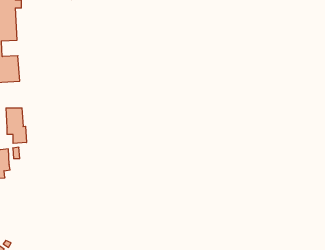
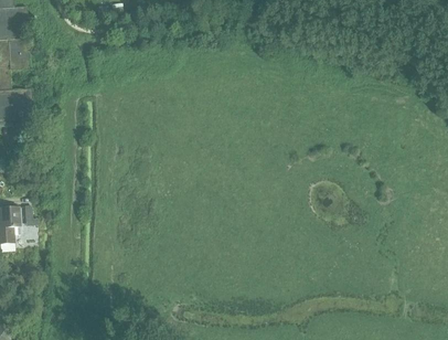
building: [6,108,26,143] -> none

